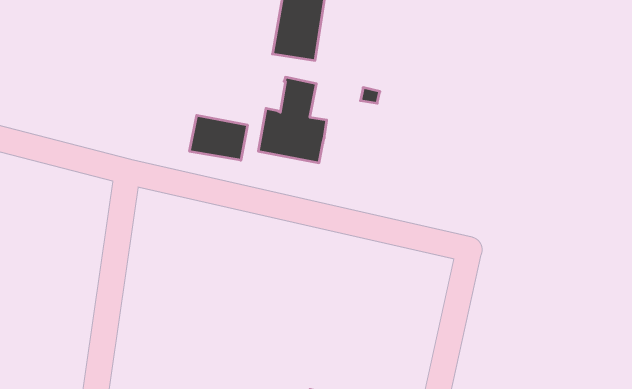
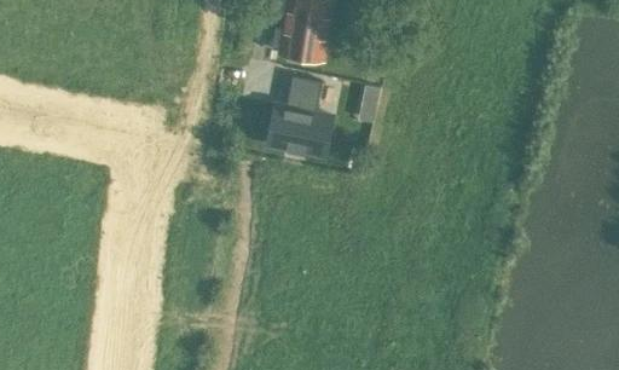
building: [190,115,247,160] -> none

